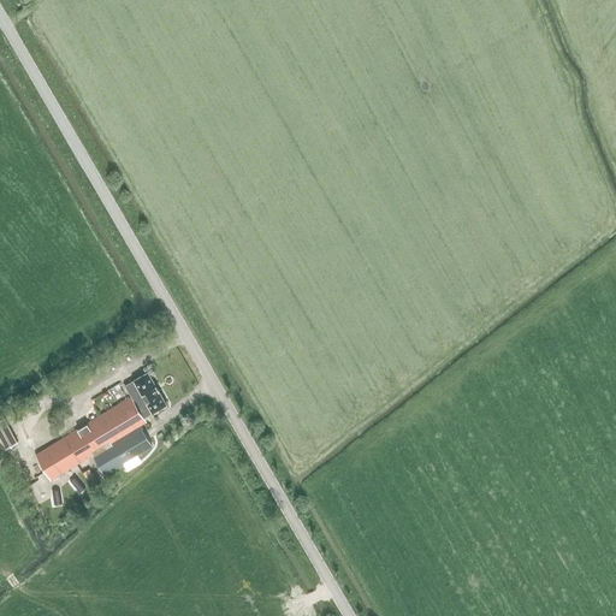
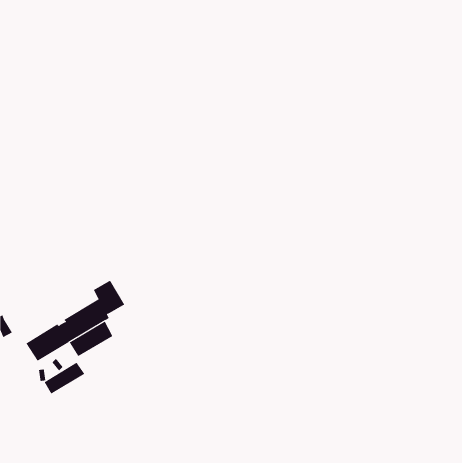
building: none -> [44,362,85,395]

